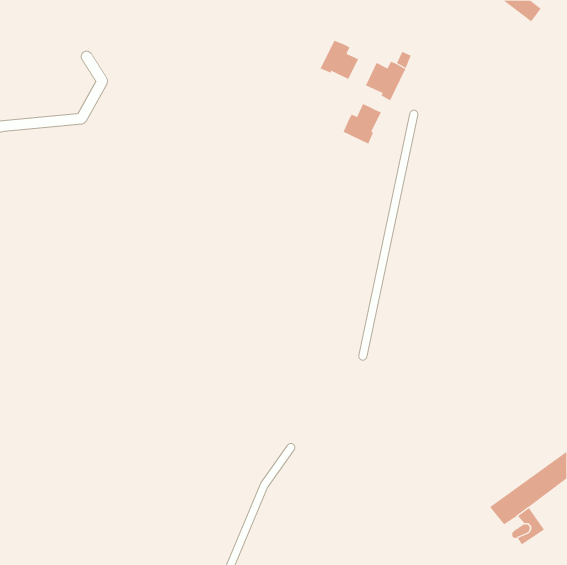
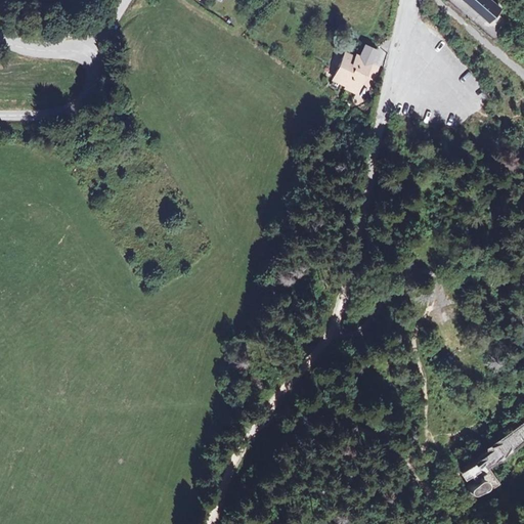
building: [320,40,359,80] -> none
building: [343,103,381,144] -> none

